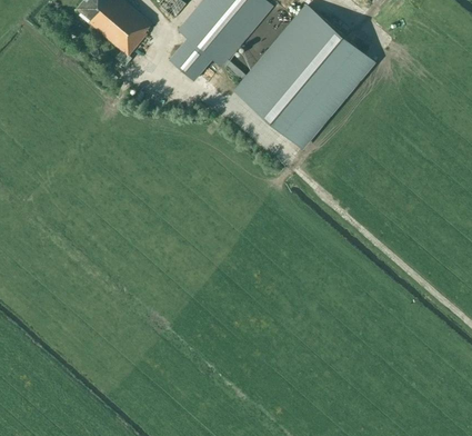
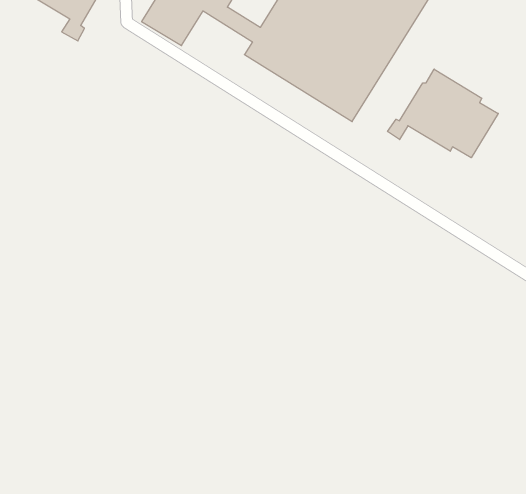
building: none -> [388,69,498,158]

